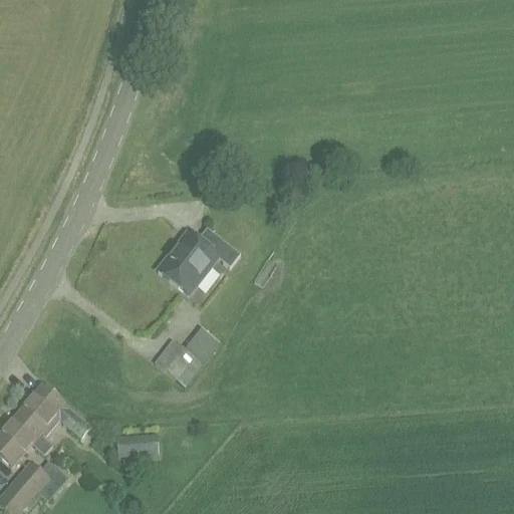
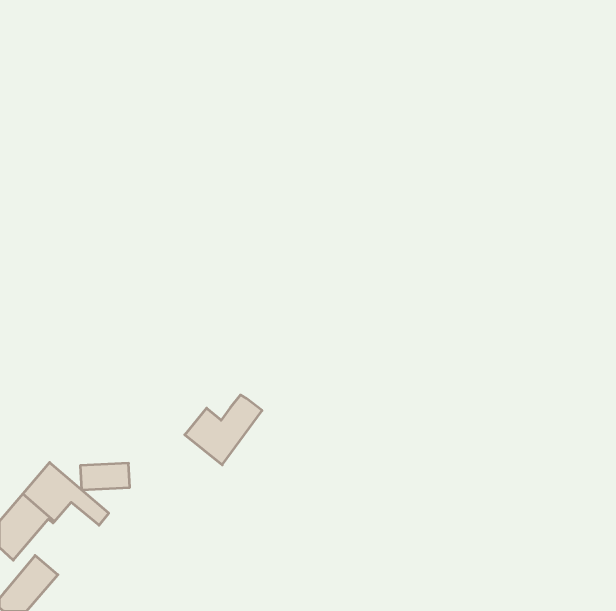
building: [158,233,240,295] -> none
building: [116,433,158,455] -> [80,463,130,490]

